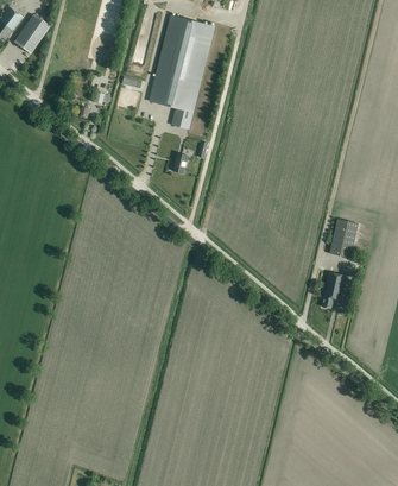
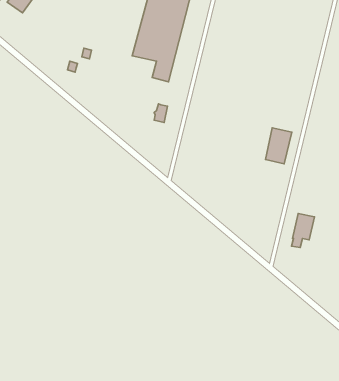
building: [329,219,358,258] -> [266,128,292,164]

